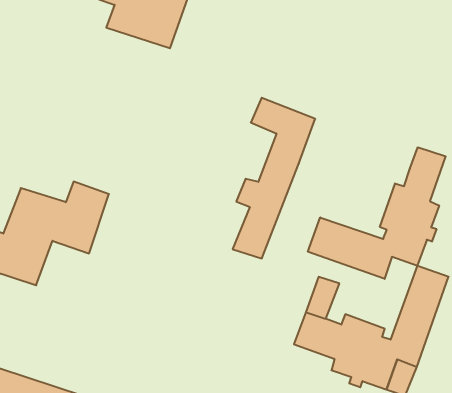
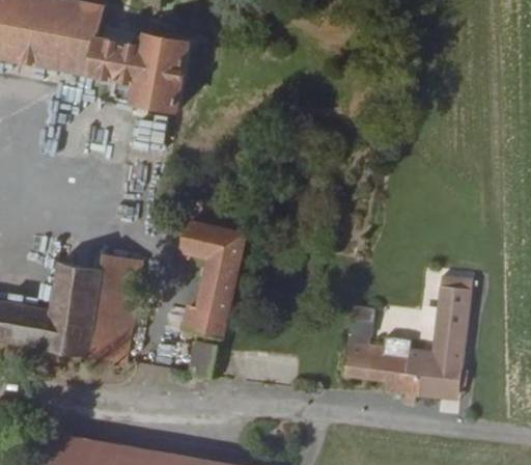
building: [233,98,315,258] -> [181,223,243,375]
building: [308,147,446,279] -> none
building: none -> [88,310,133,361]

